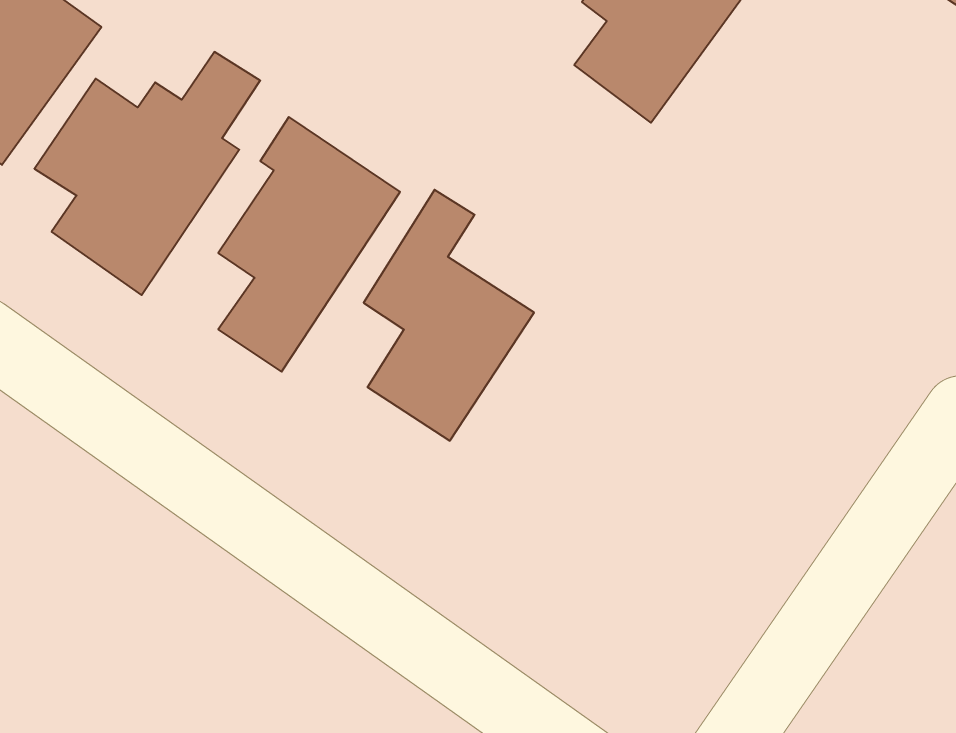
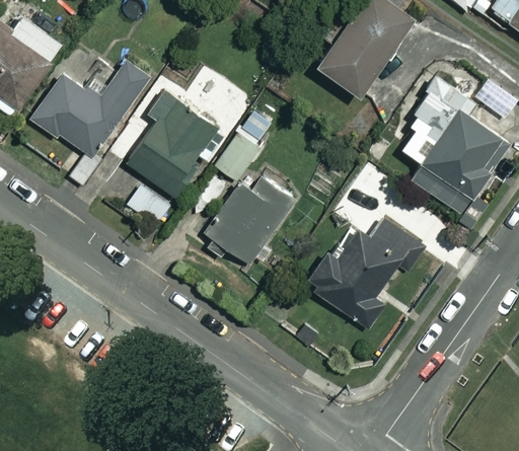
building: none -> [393,79,512,227]
building: none -> [308,217,427,329]

